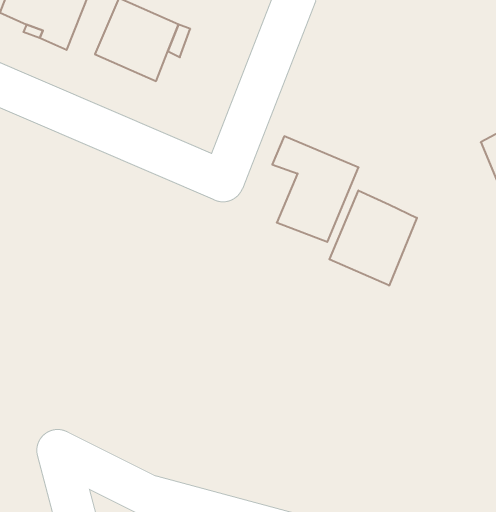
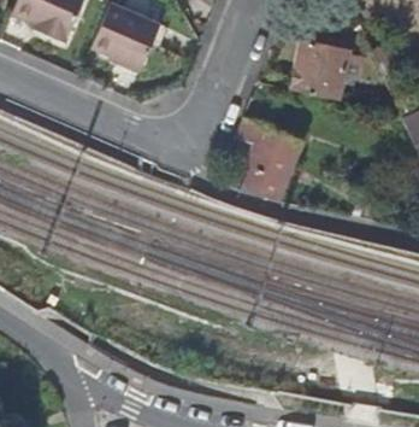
building: none -> [294,41,349,100]
building: [329,190,417,286] -> none

